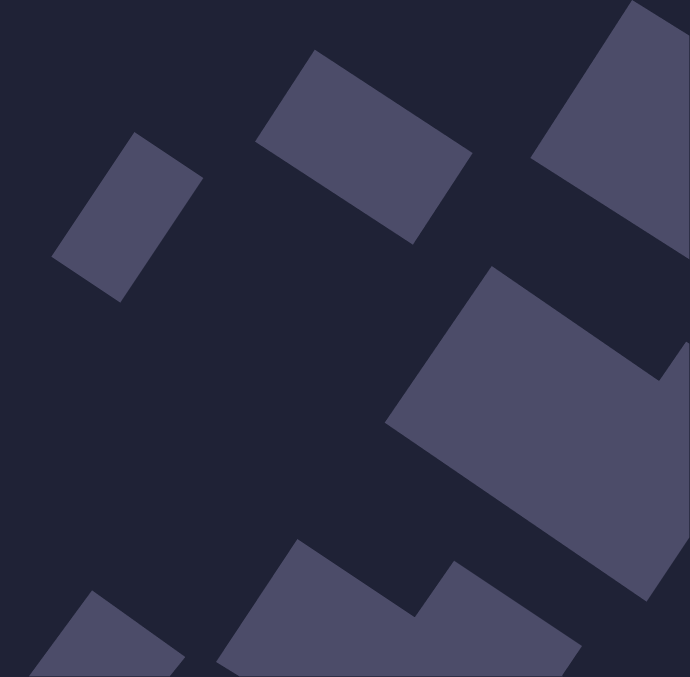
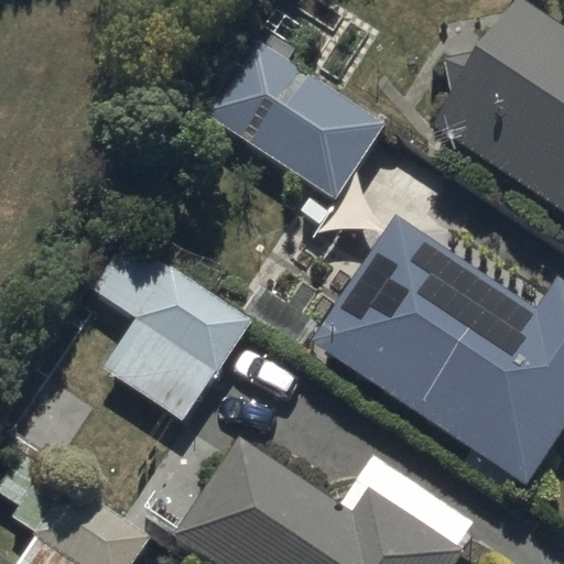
building: [50,131,205,304] -> none
building: none -> [86,234,251,422]

